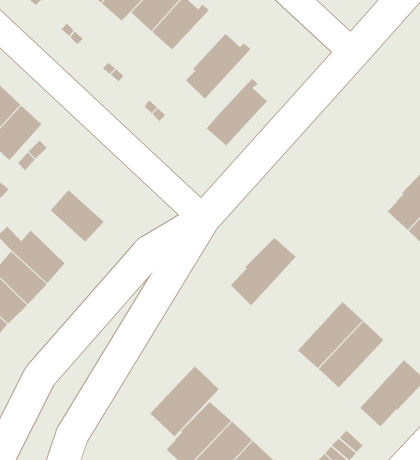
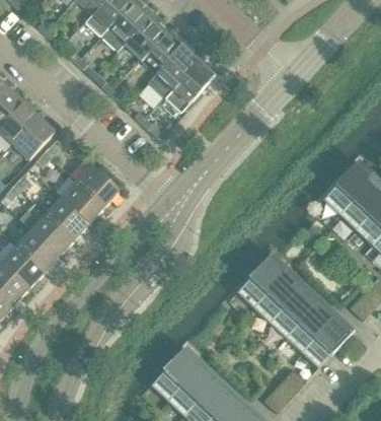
building: [205,78,268,147] -> [149,41,198,94]
building: none -> [75,163,119,206]
building: none -> [46,197,88,238]
building: [230,237,297,306] -> [237,253,289,306]
building: none -> [286,298,336,351]
building: [150,366,220,437] -> none

